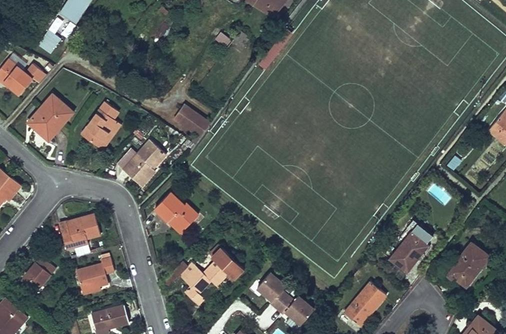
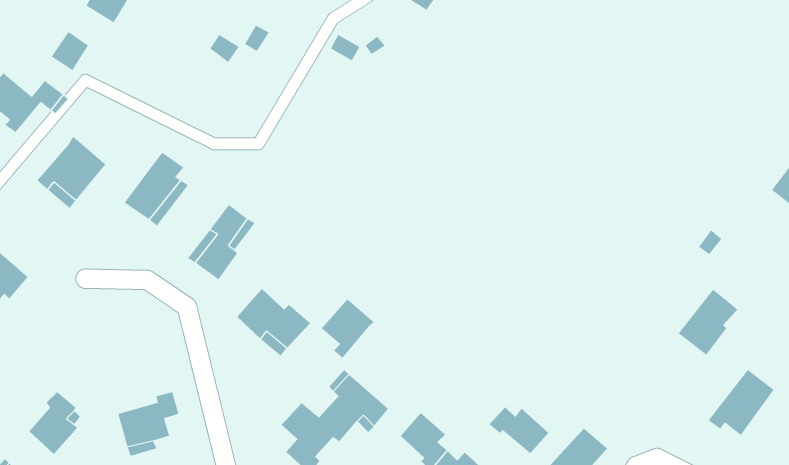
building: [172,104,210,136] -> none
building: none -> [321,299,375,358]
building: [56,215,98,258] -> none
building: [390,228,428,270] -> [678,289,738,355]
building: none -> [488,407,549,454]

